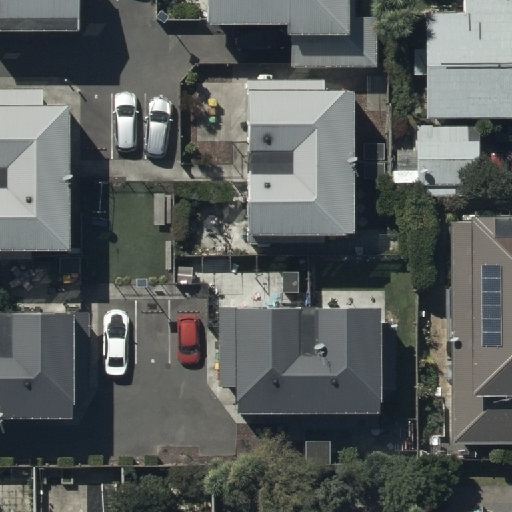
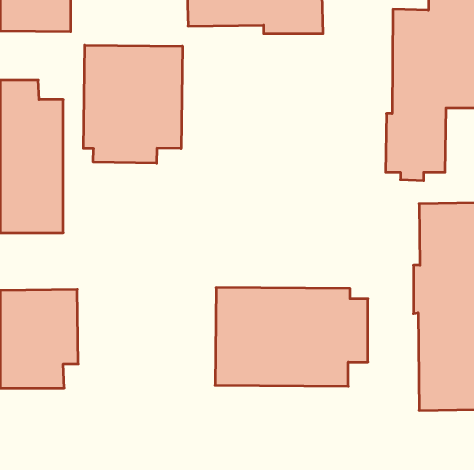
building: none -> [83,45,182,163]
building: [244,77,352,238] -> none

